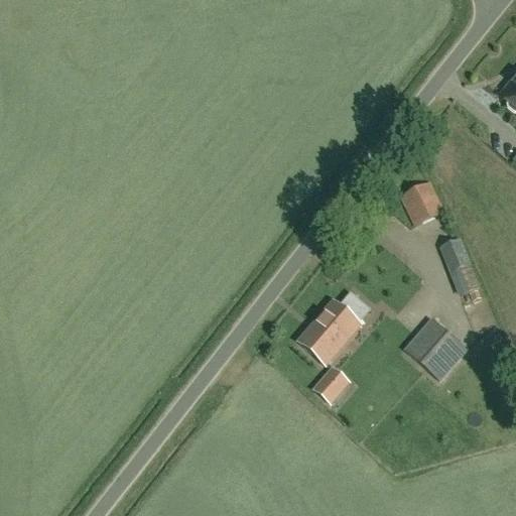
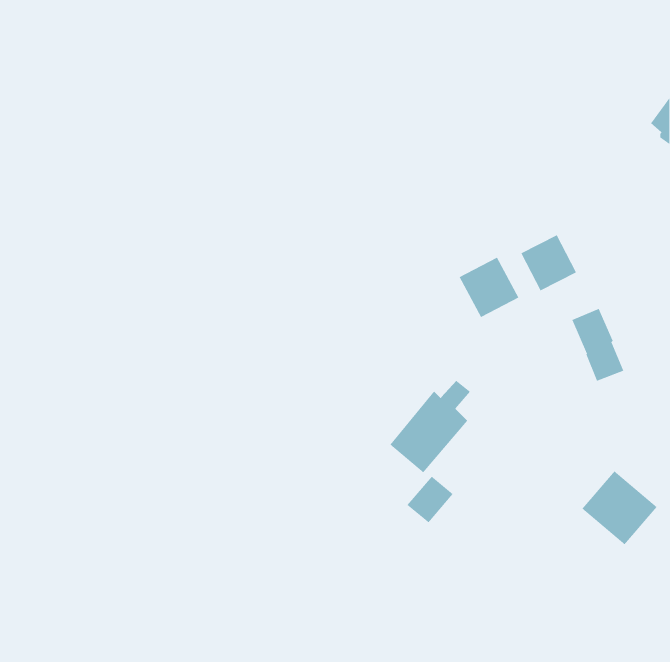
building: none -> [459,257,519,318]
building: [406,319,465,377] -> [582,470,658,545]

